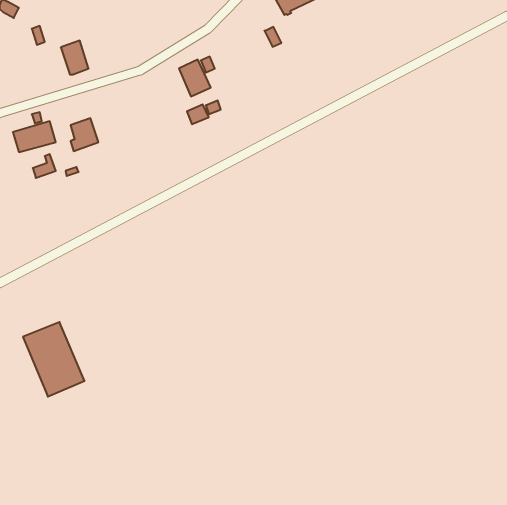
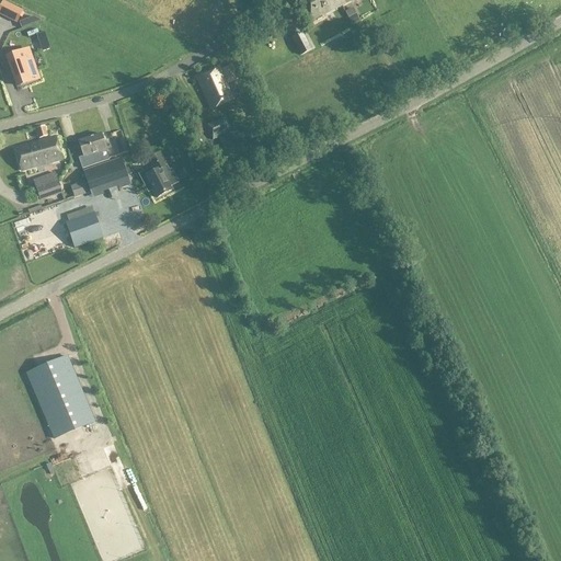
building: [61,41,89,74] -> [7,46,37,83]
building: none -> [145,150,171,195]
building: none -> [82,157,127,191]
building: none -> [64,210,102,245]

